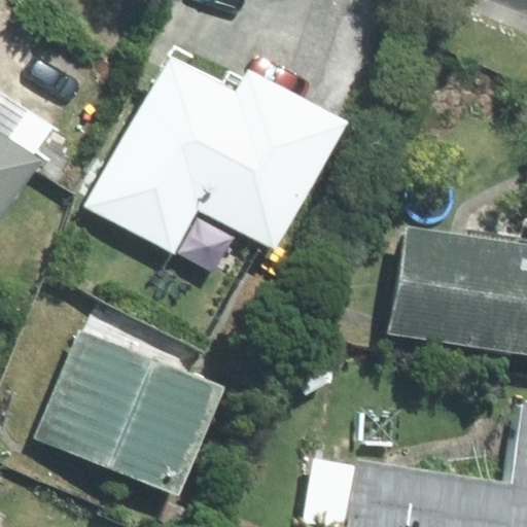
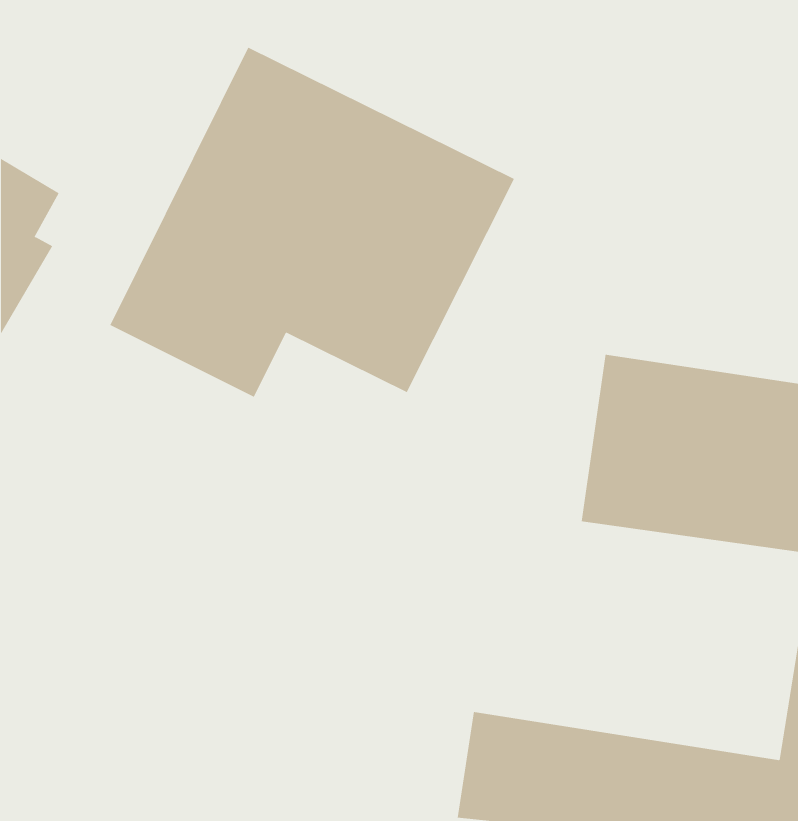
building: [40,331,225,502] -> none

